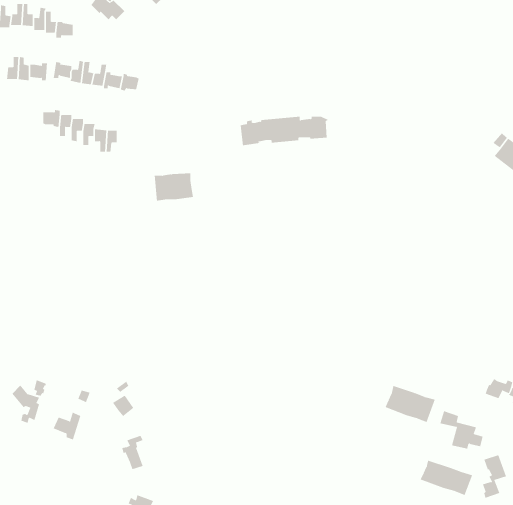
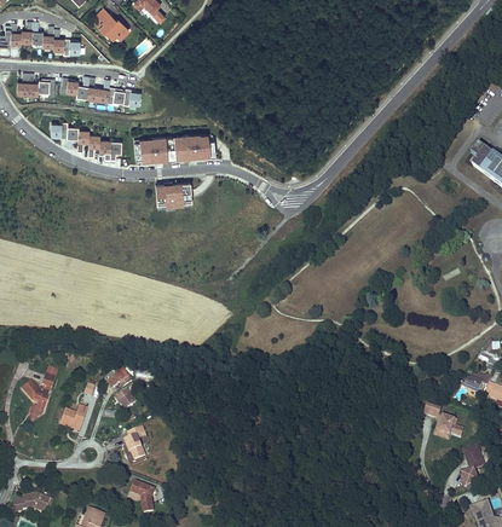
building: [240,116,329,146] -> [133,134,217,162]
building: [385,385,435,423] -> none
building: [420,460,473,496] -> none

